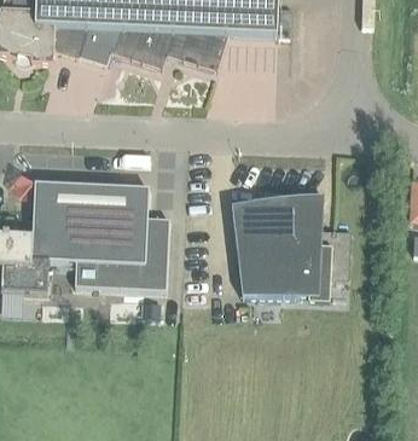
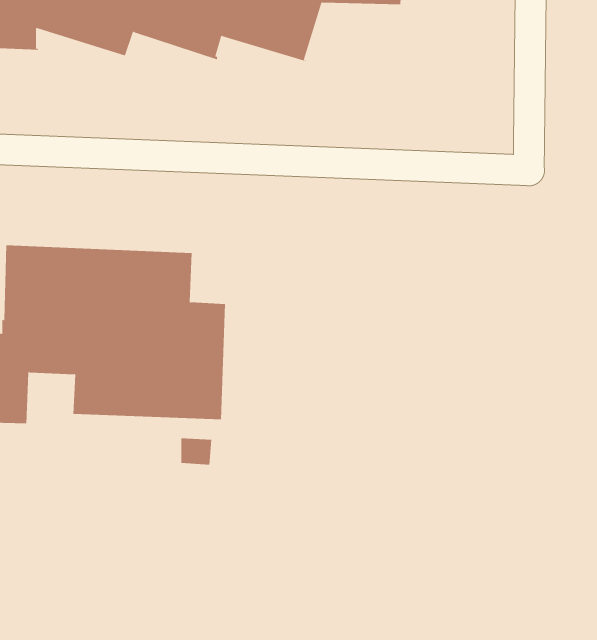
building: [230,195,350,301] -> none

